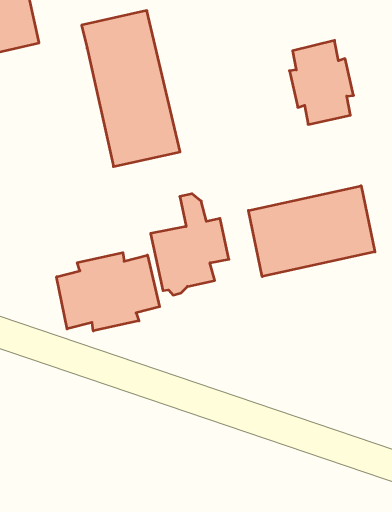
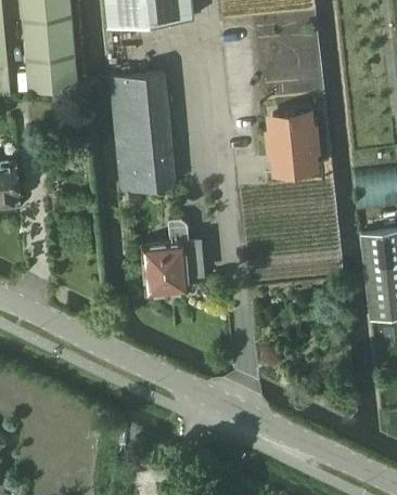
building: [248,186,375,277] -> none
building: [57,253,160,331] -> none

